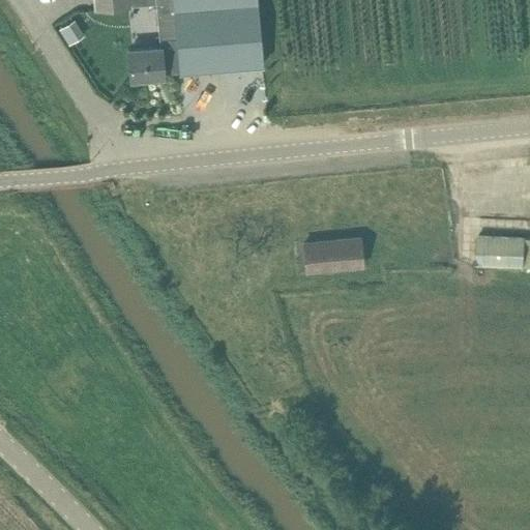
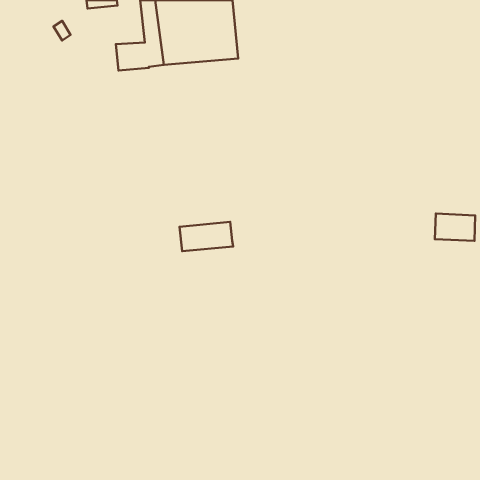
building: [304,238,363,270] -> [179,222,233,251]

